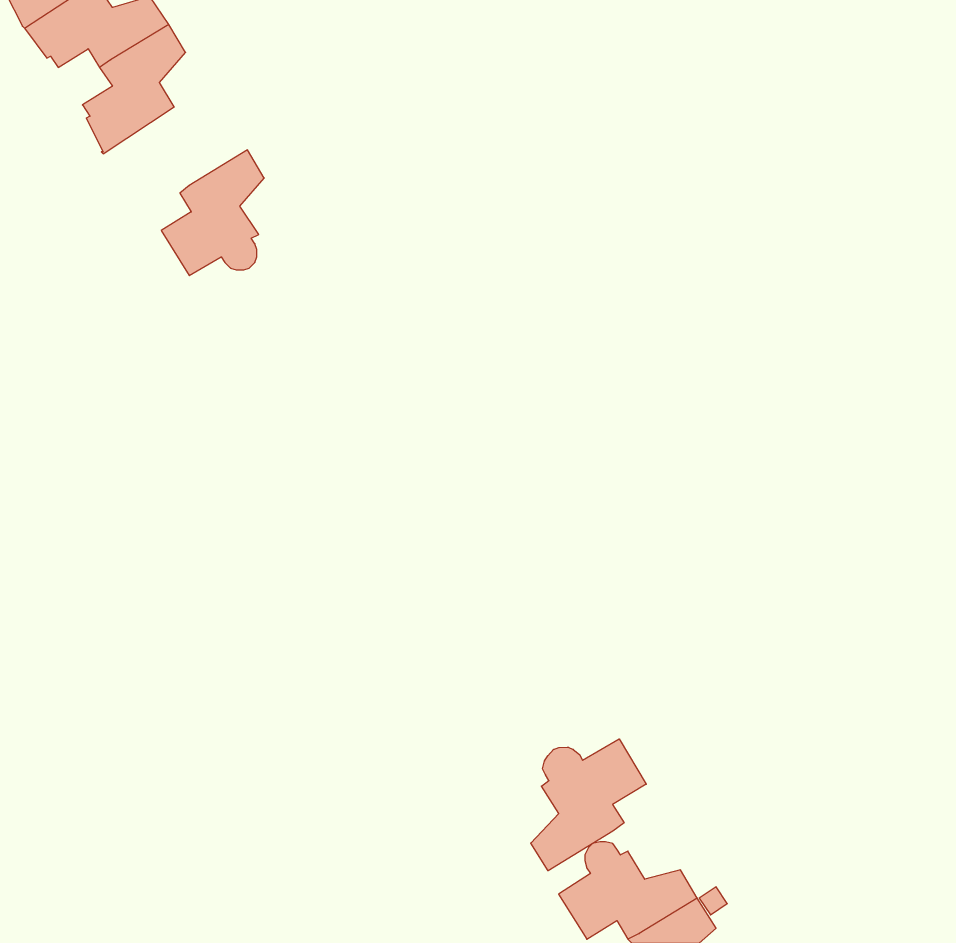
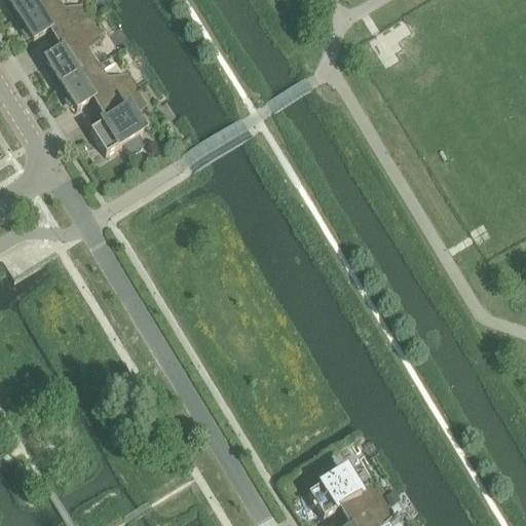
building: none -> [57,59,136,106]
building: [531,739,646,871] -> none

